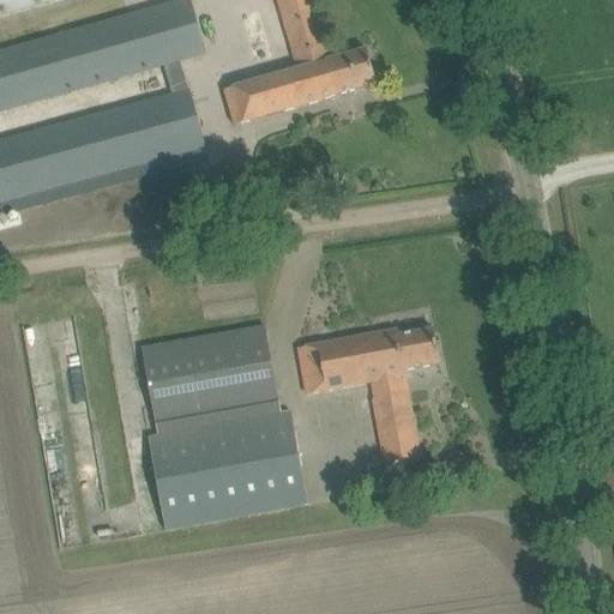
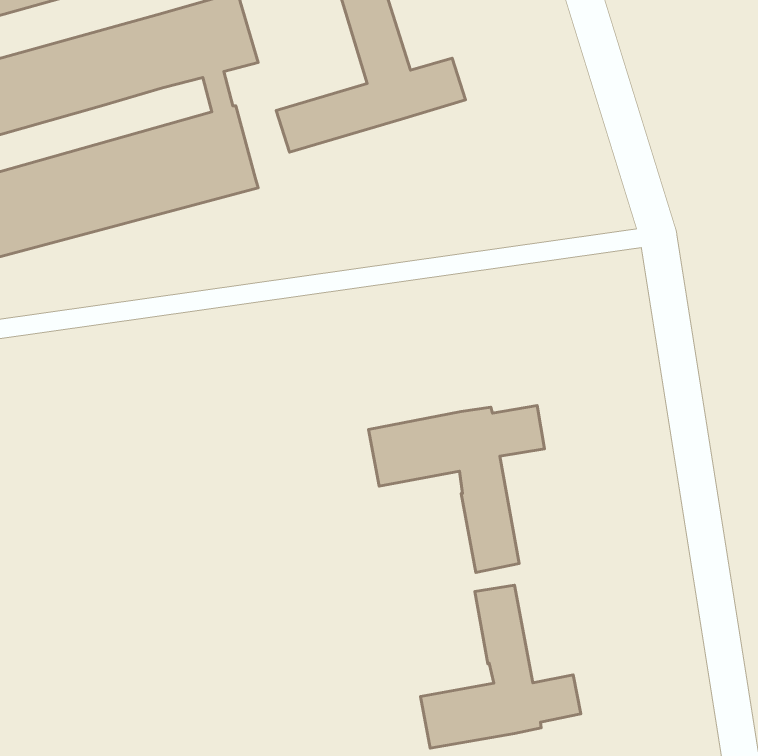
building: [139,324,306,526] -> none
building: none -> [420,585,581,748]

